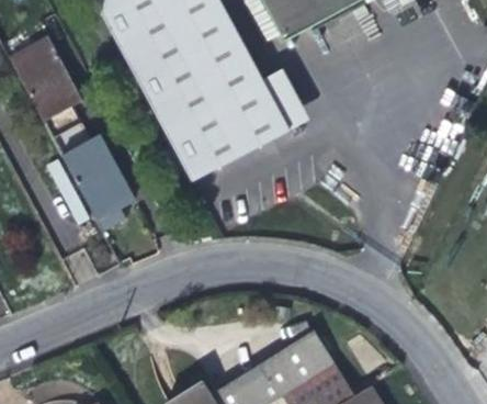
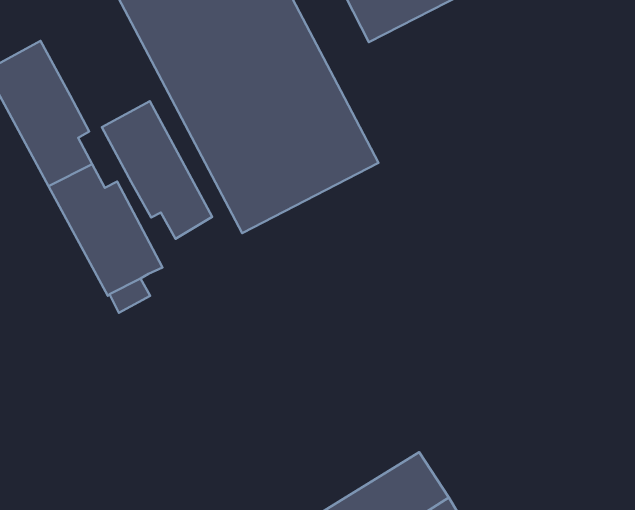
building: [259,67,305,127] -> none
building: none -> [102,101,212,239]

